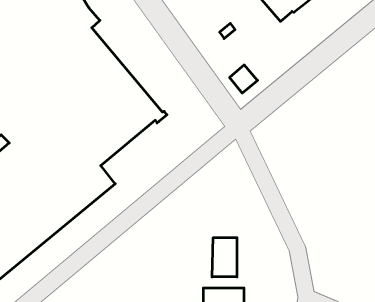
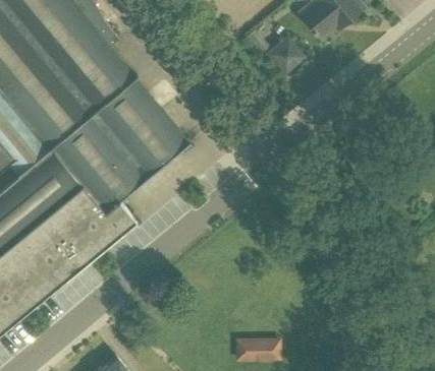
building: [230,65,258,93] -> [270,39,302,70]
building: [212,238,237,277] -> none

